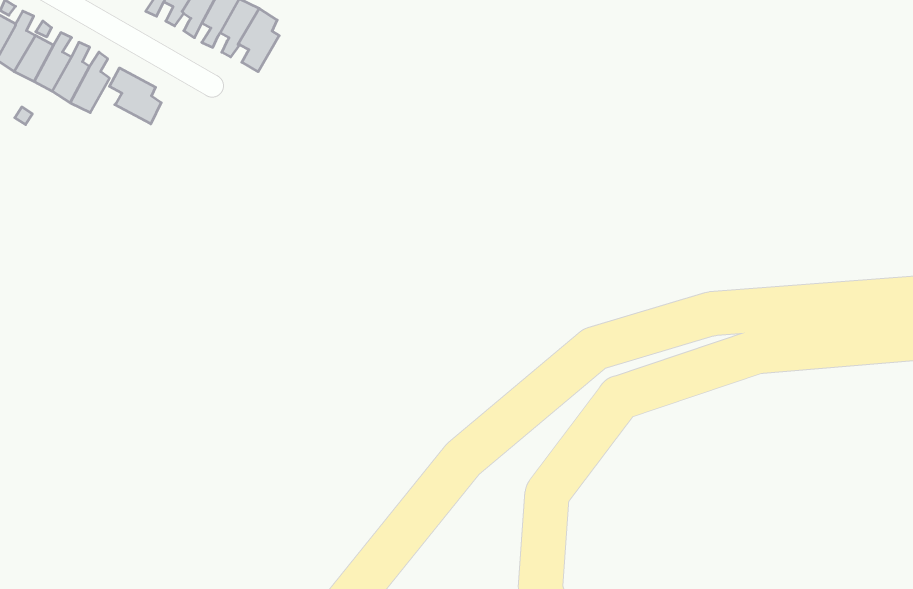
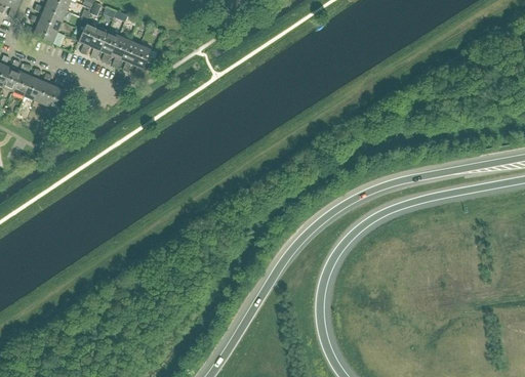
building: [109,68,161,124] -> none

